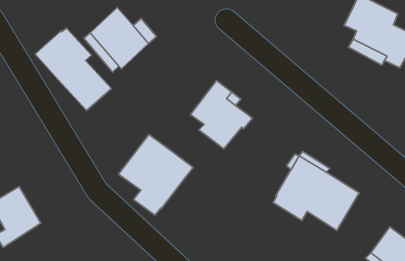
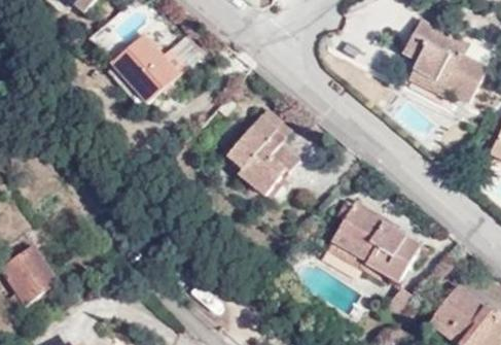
building: [35,28,111,111] -> none
building: [118,134,193,215] -> none

